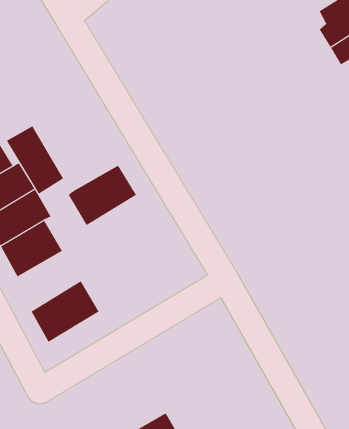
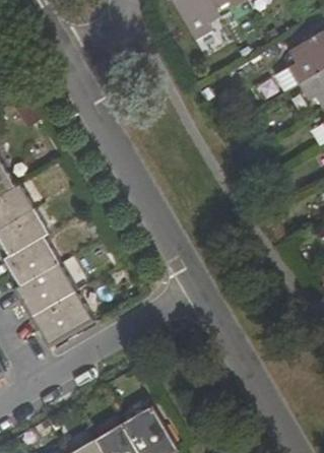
building: [6,125,64,194] -> none
building: [68,165,137,226] -> [15,263,76,317]

